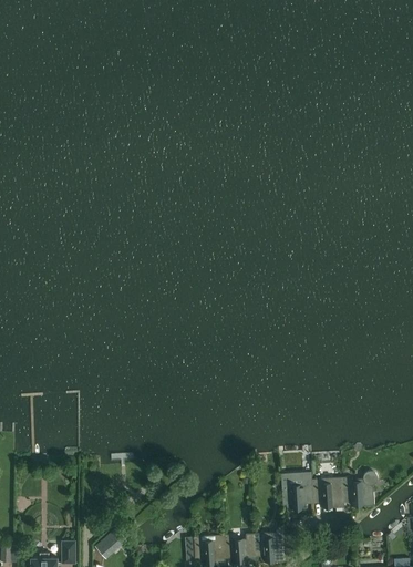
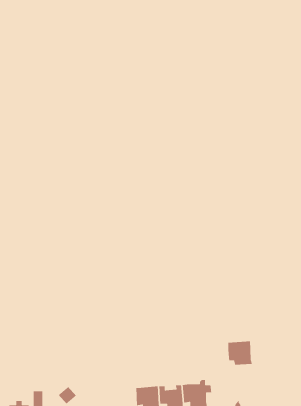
building: [279,472,312,512] -> none
building: [341,472,376,507] -> none

